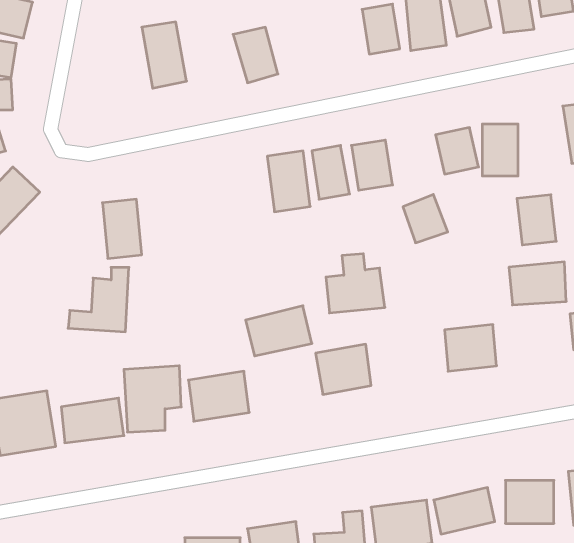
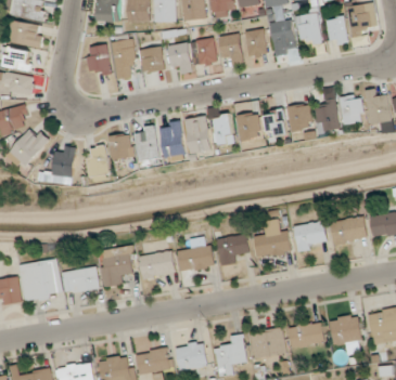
building: none -> [219,34,242,65]
building: none -> [194,38,217,66]
building: none -> [87,45,110,76]
building: none -> [139,47,165,73]
building: none -> [159,121,187,158]
building: none -> [135,127,161,161]
building: none -> [108,132,136,161]
building: [403,194,448,243] -> [264,109,291,139]
building: [517,195,556,245] -> [341,94,365,125]
building: [326,254,385,313] -> [254,221,290,257]
building: [509,262,566,305] -> [331,218,366,244]
building: [68,267,129,332] -> [39,146,76,185]
building: [246,306,312,356] -> [176,244,216,274]

